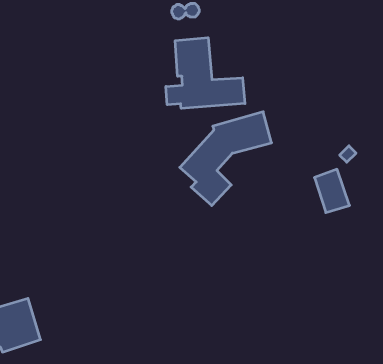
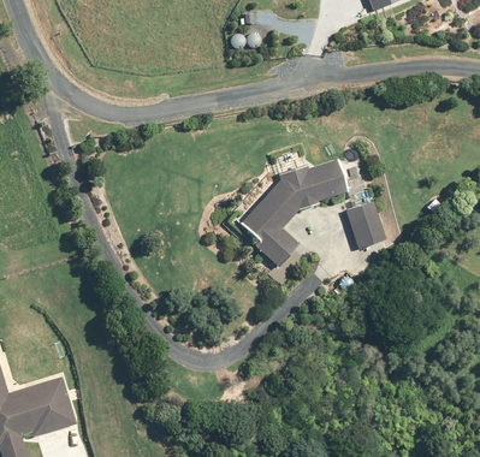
building: [166,38,245,108] -> none
building: [314,169,350,213] -> [345,197,386,248]

